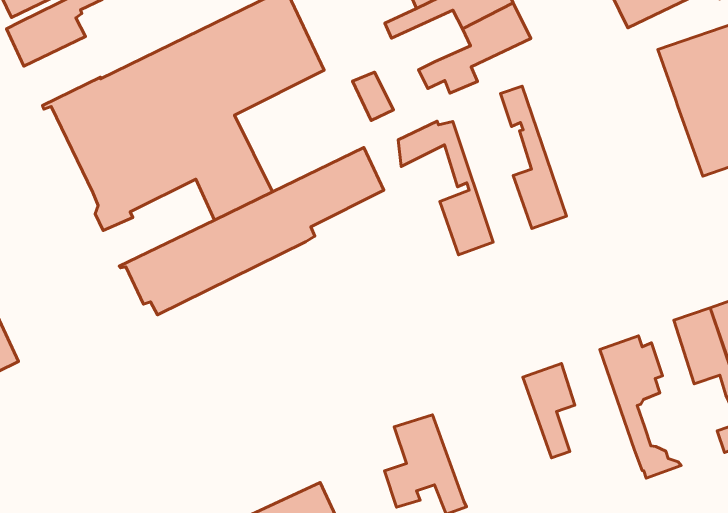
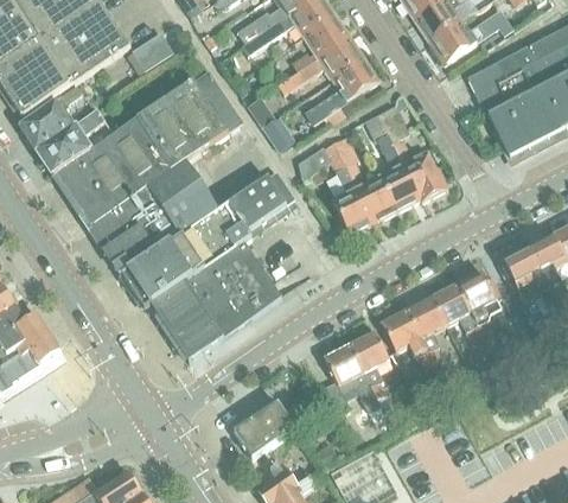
building: none -> [36,108,104,173]
building: none -> [377,107,446,200]
building: none -> [333,136,397,223]
building: none -> [106,209,180,275]
building: none -> [151,241,281,362]
building: none -> [430,286,496,367]
building: none -> [379,312,442,387]
building: none -> [347,332,388,402]

